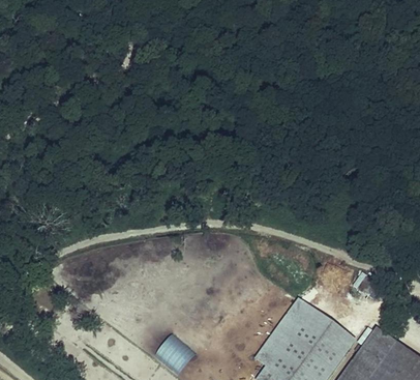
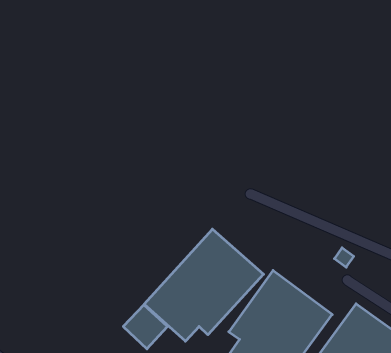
building: none -> [144,229,264,341]

